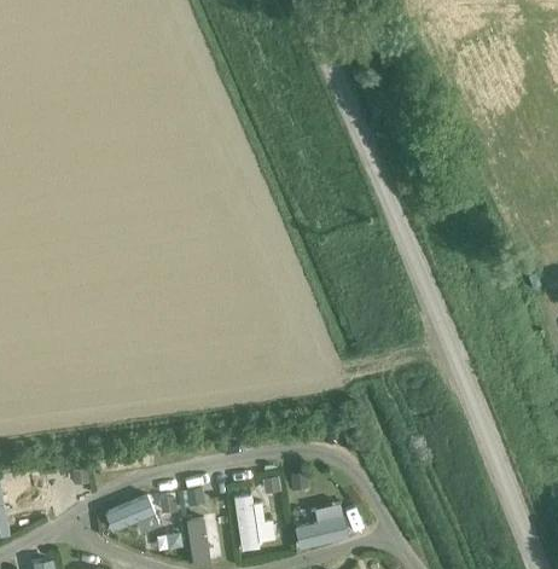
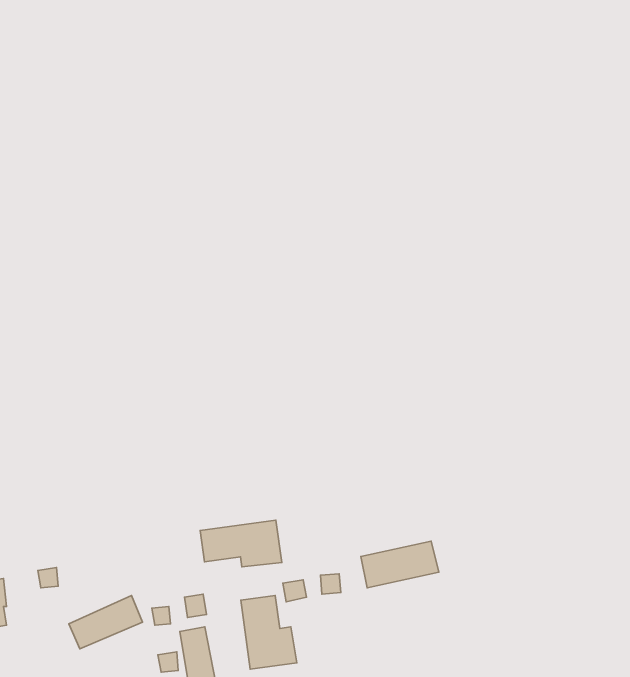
building: none -> [200,520,282,567]
building: [290,513,350,550] -> [361,541,439,588]

